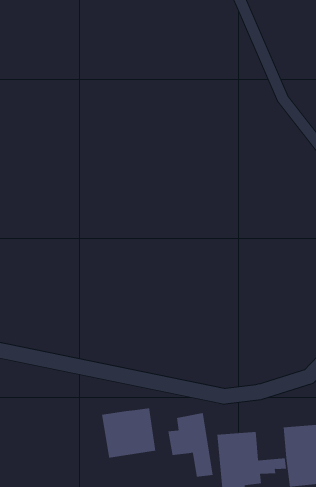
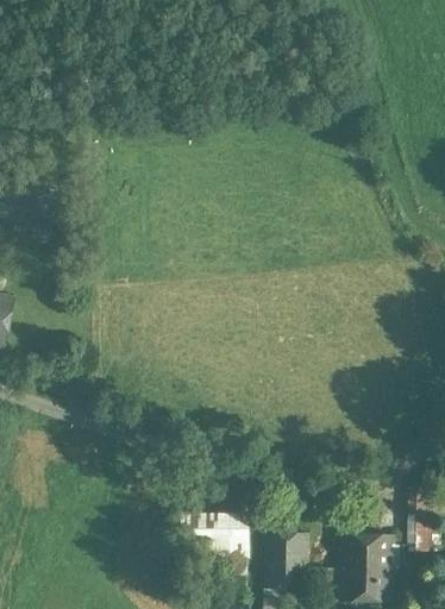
building: [101,408,156,459] -> none

